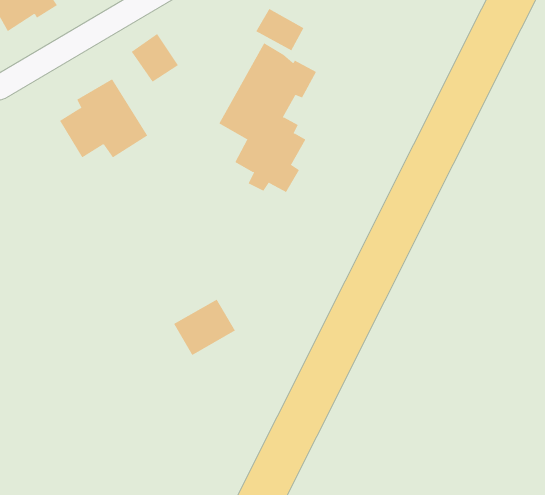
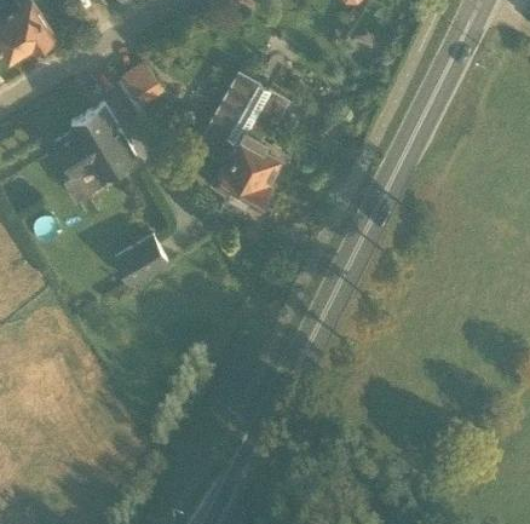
building: [255,8,304,51] -> none
building: [173,299,236,356] -> [113,236,169,288]

